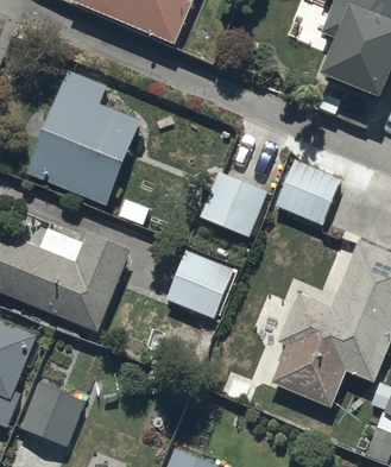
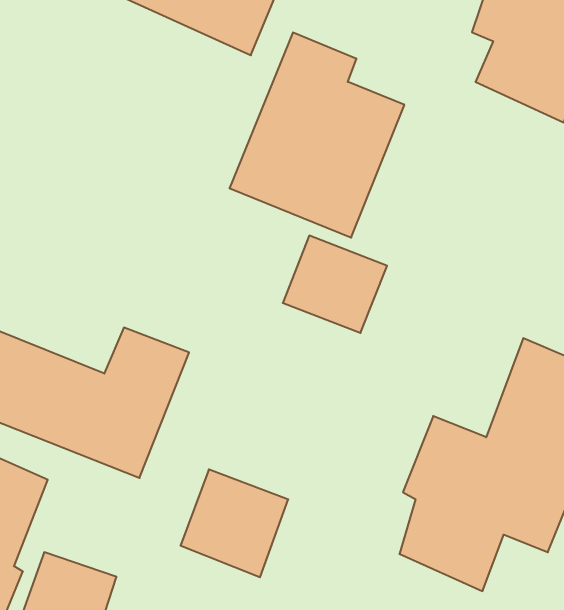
building: [26,69,144,207] -> [229,32,404,238]
building: [273,158,342,227] -> none
building: [166,248,239,321] -> [180,469,288,577]

